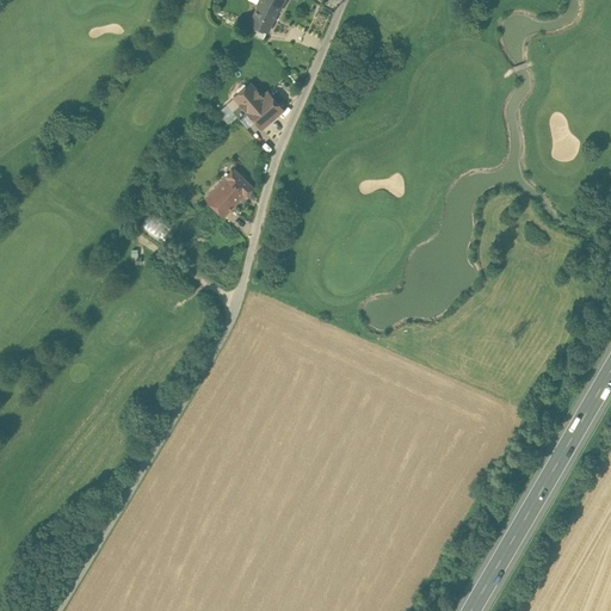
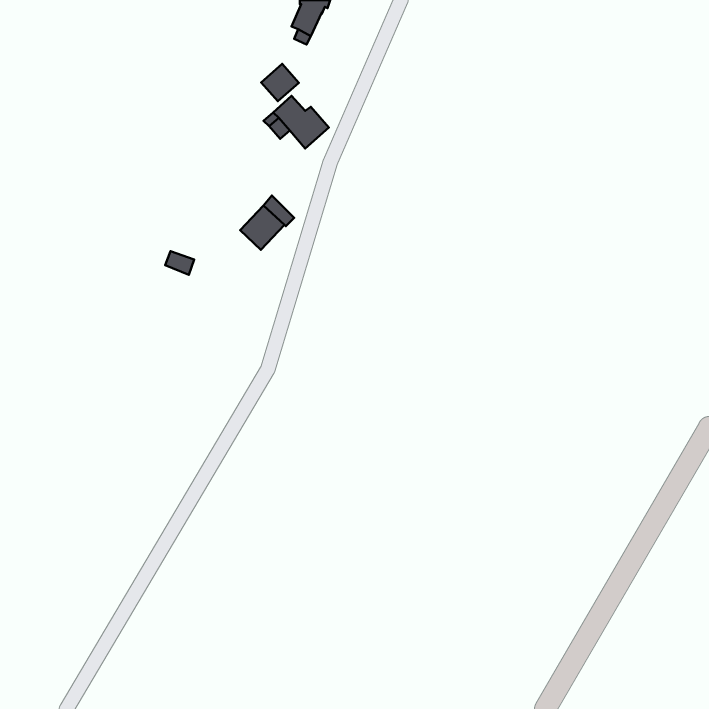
building: none -> [261,64,299,101]

